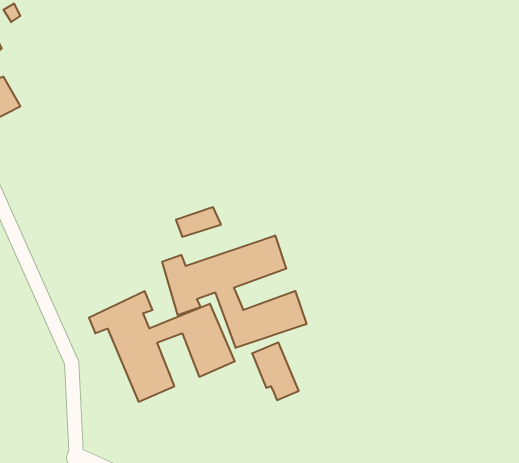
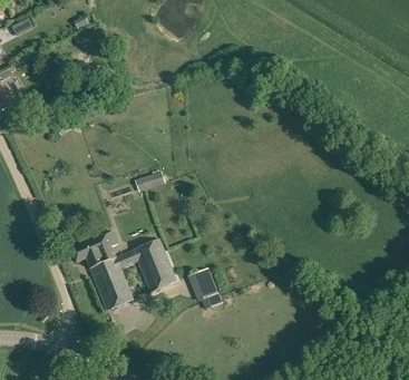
building: [162,235,306,348] -> none

